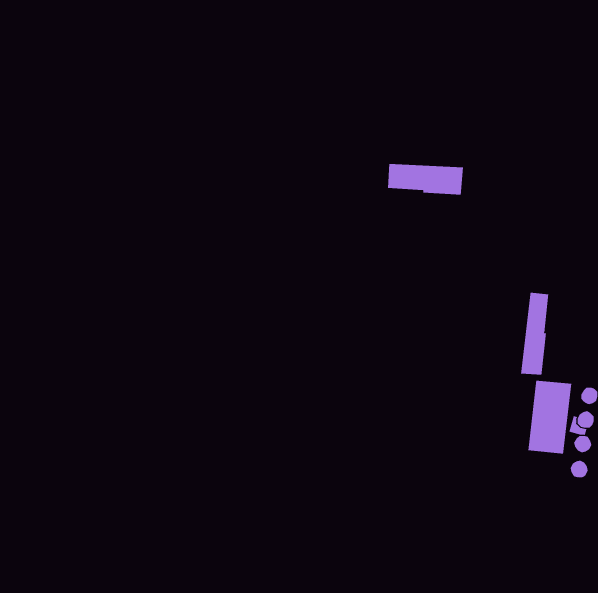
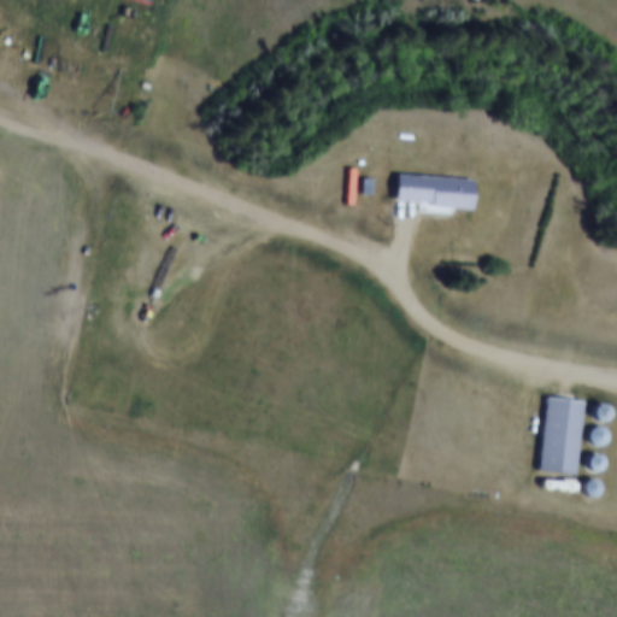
building: [520,292,549,375] -> none

